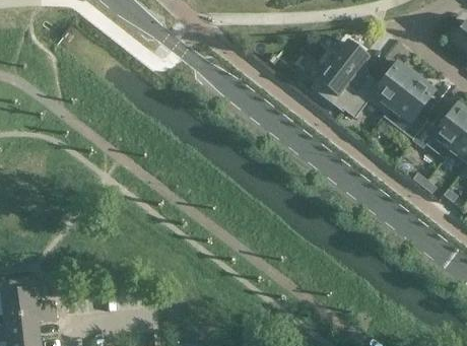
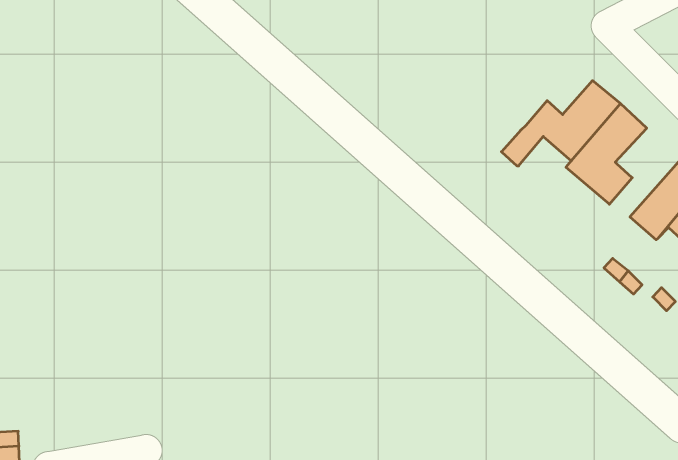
building: [310,37,369,110] -> none

